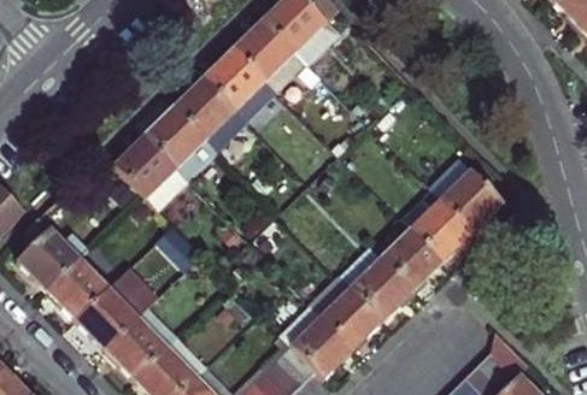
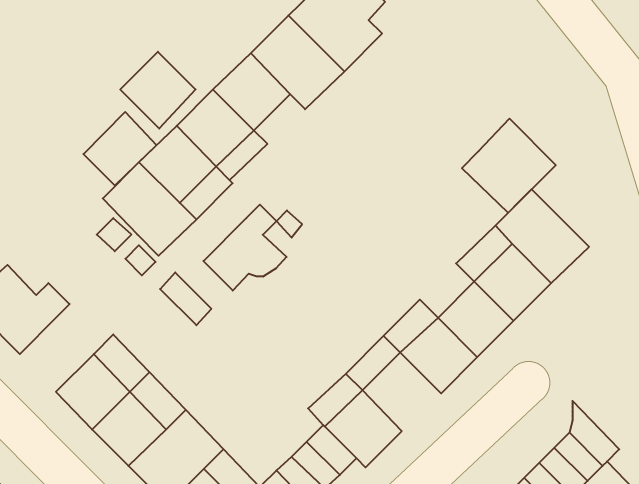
building: none -> [120,52,196,129]
building: none -> [83,112,157,186]
building: none -> [462,119,556,213]
building: none -> [203,205,287,291]
building: [47,258,106,318] -> none
building: [321,287,383,349] -> none

